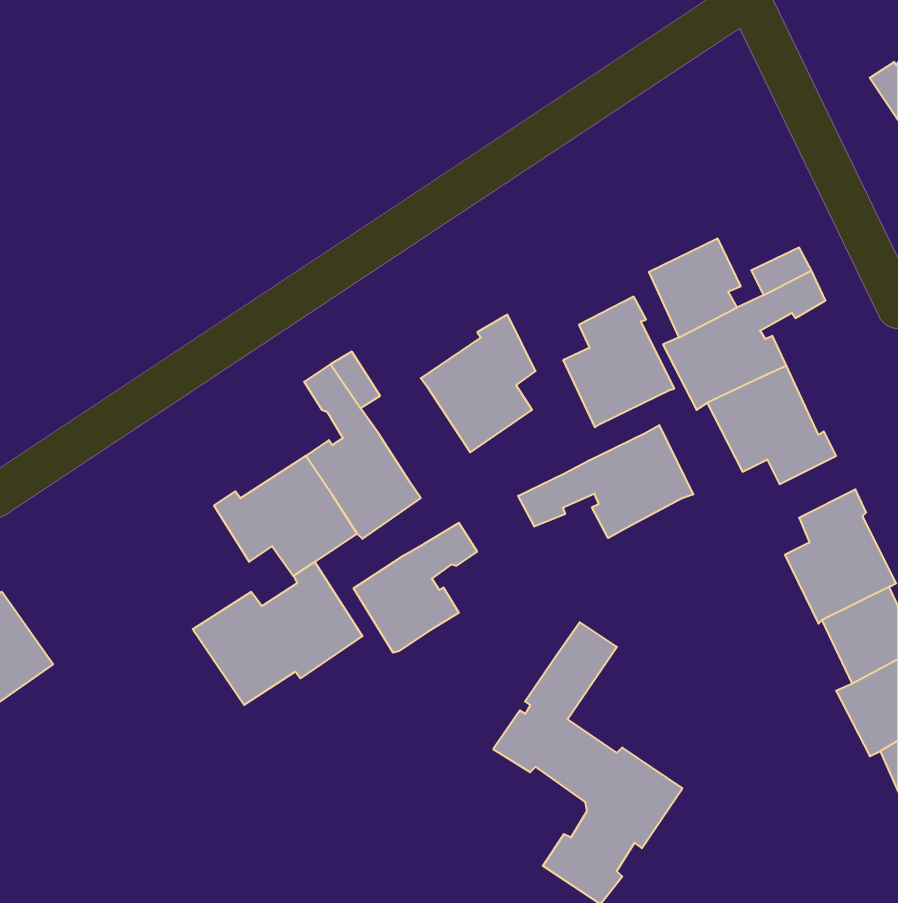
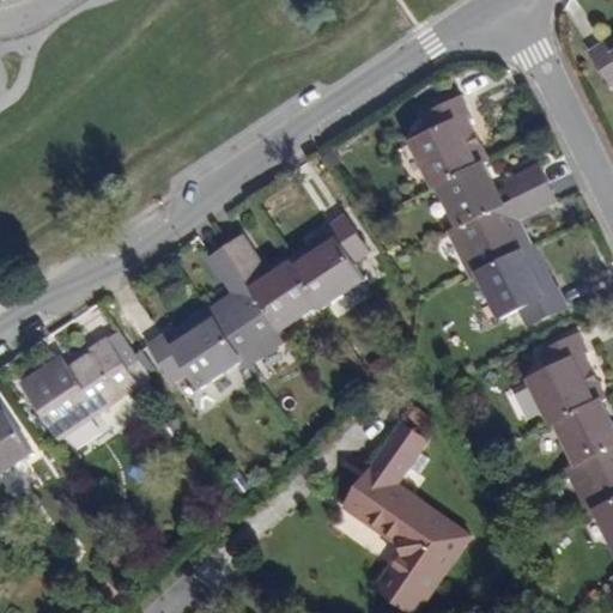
building: [563,297,674,427] -> [414,98,490,187]
building: none -> [256,261,316,327]
building: [518,425,693,538] -> none
building: [354,523,477,653] -> none
building: [193,562,363,705] -> [25,336,140,433]

